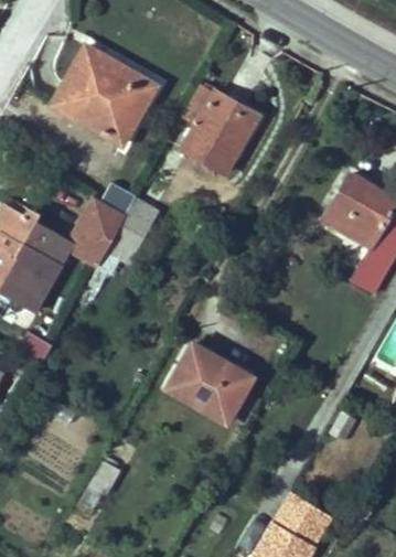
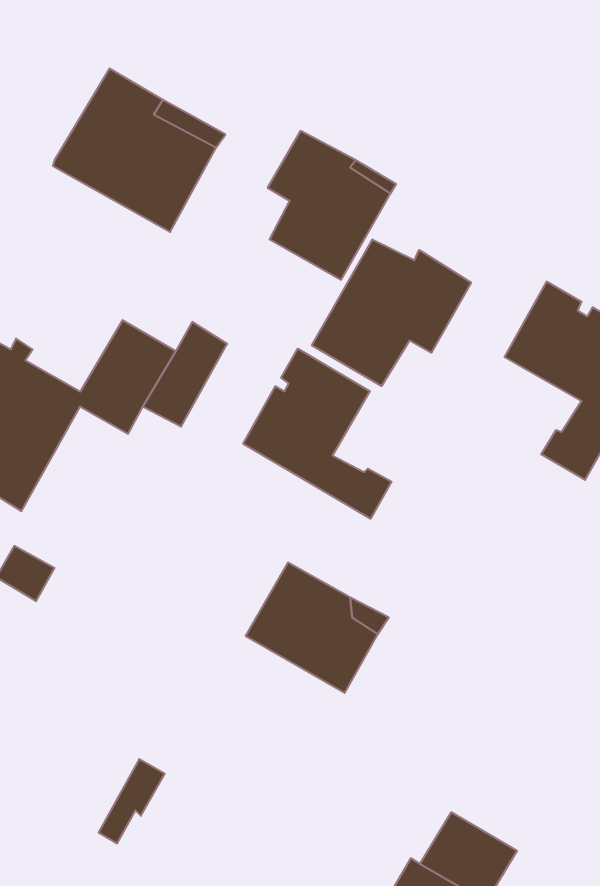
building: none -> [312,239,471,386]
building: none -> [243,349,392,519]

